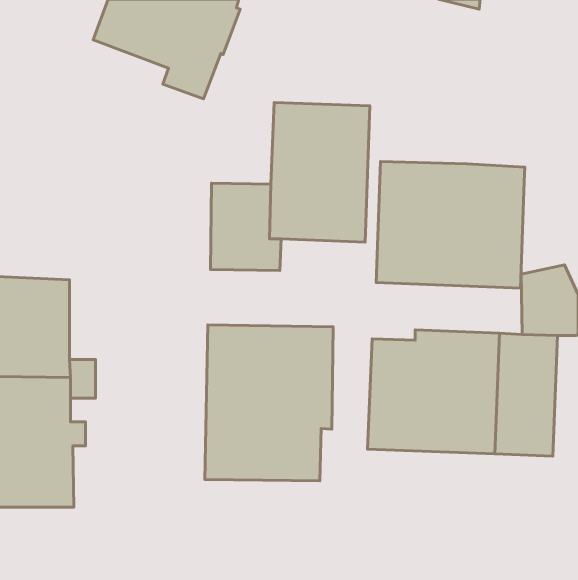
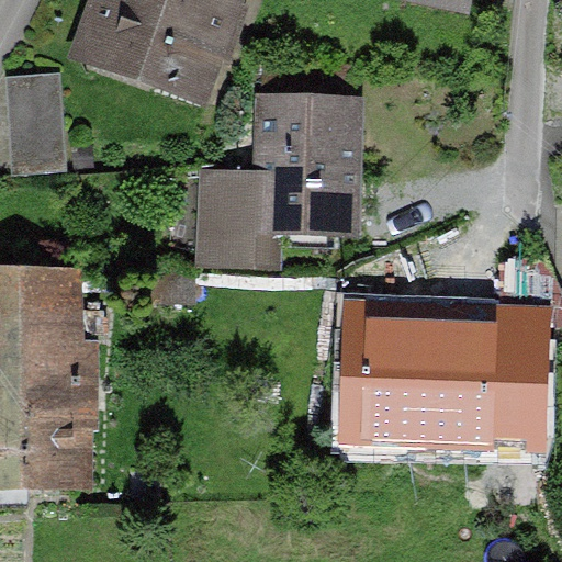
building: none -> [7,74,67,177]
building: [376,161,525,288] -> none
building: [205,325,333,481] -> none

